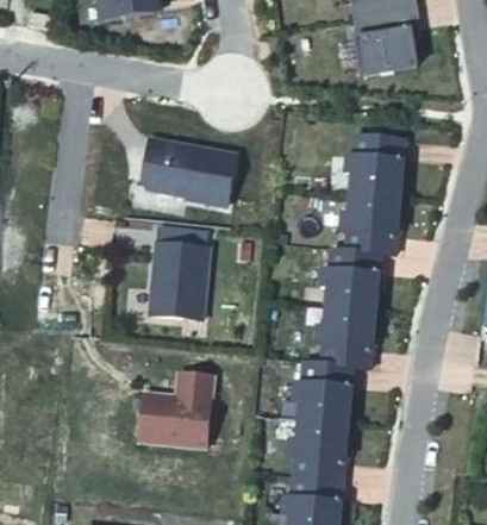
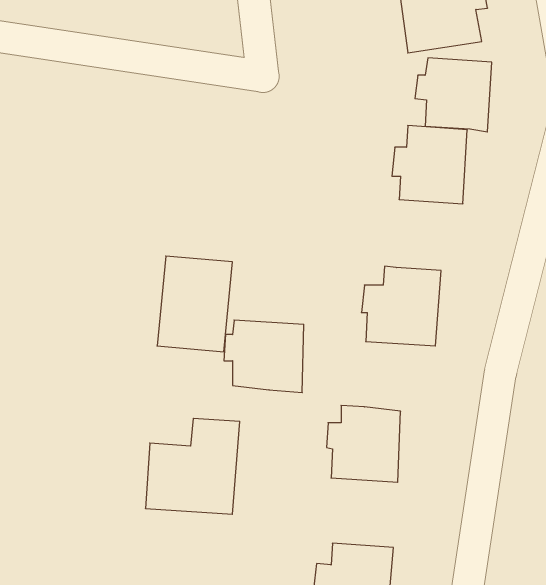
building: [139,135,238,208] -> none
building: [337,193,400,254] -> [415,58,492,132]
building: [312,310,377,369] -> [224,320,304,393]
building: [280,421,346,479] -> none

